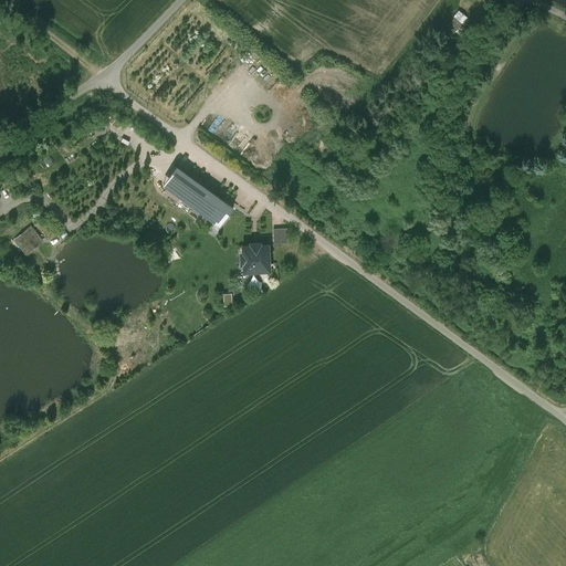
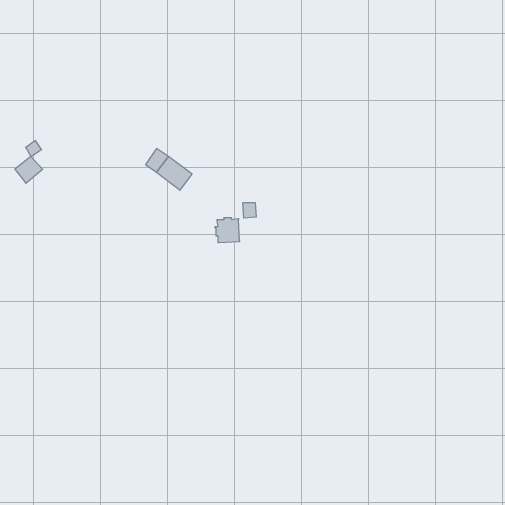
building: [201,196,232,227] -> none
building: [12,227,43,256] -> [15,156,43,183]

